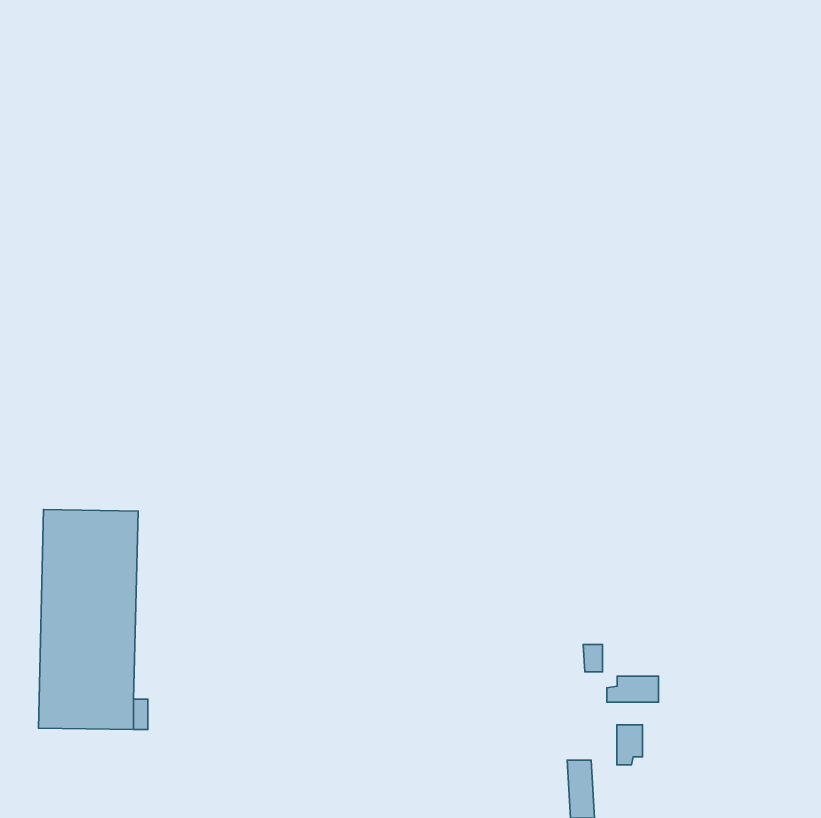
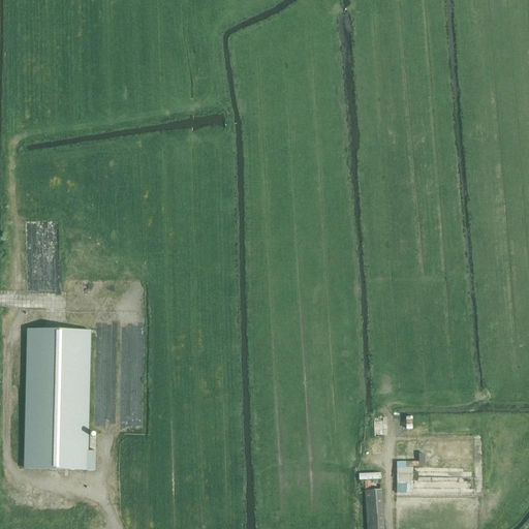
building: [607,676,659,702] -> none

